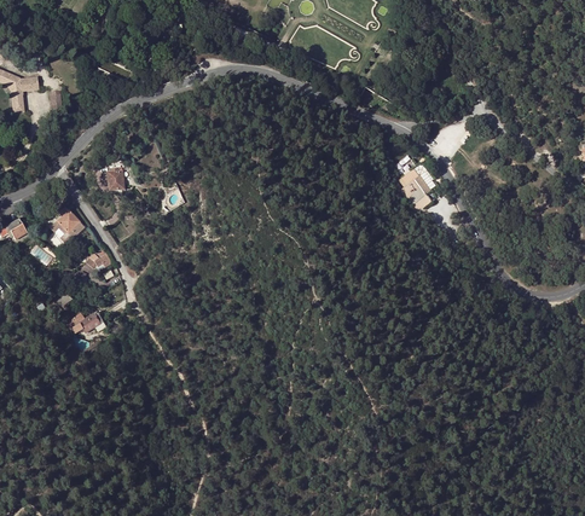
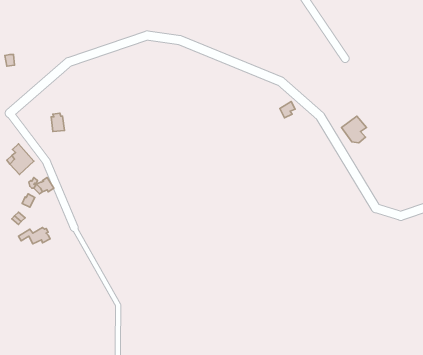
building: [401,174,433,208] -> [341,116,366,143]

